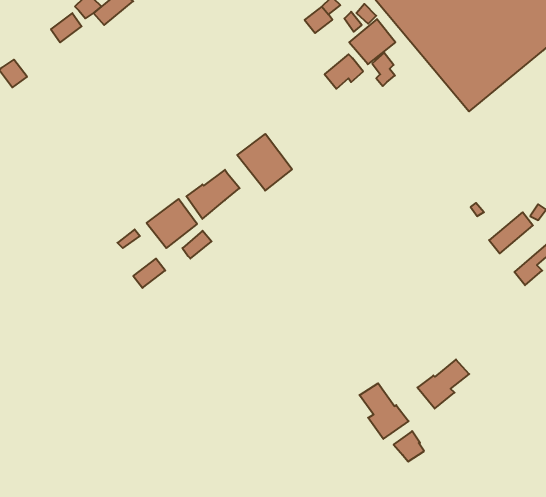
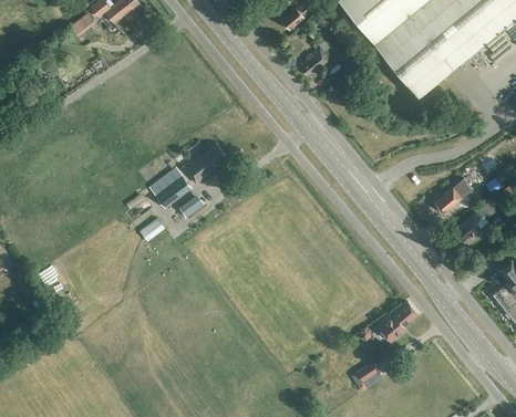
building: [349,19,395,64] -> none
building: [237,134,292,191] -> none
building: [359,383,409,439] -> none

